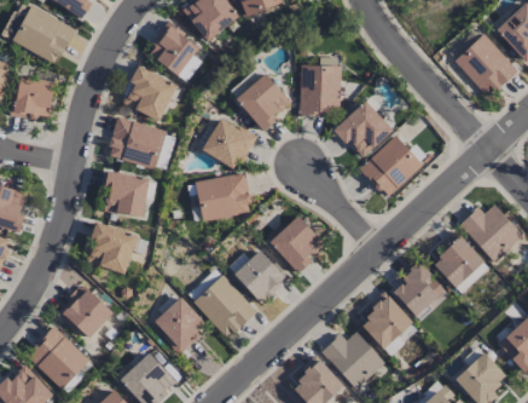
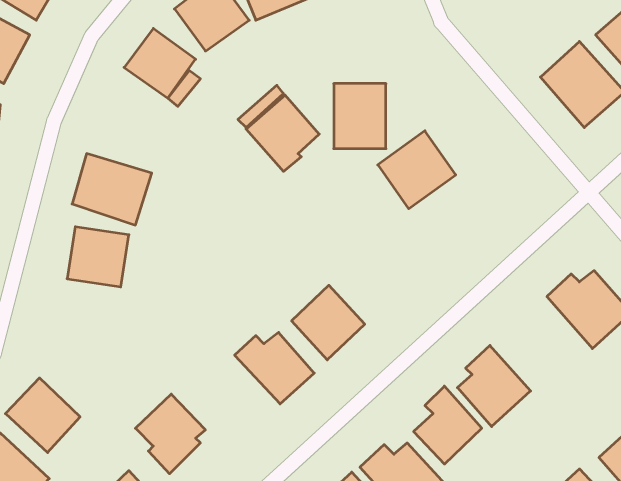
building: [124,67,178,121] -> none
building: [203,120,256,167] -> none
building: [360,136,424,198] -> none
building: [196,172,253,221] -> none
building: [88,223,138,274] -> none
building: [434,230,485,288] -> none
building: [188,269,257,339] -> none

